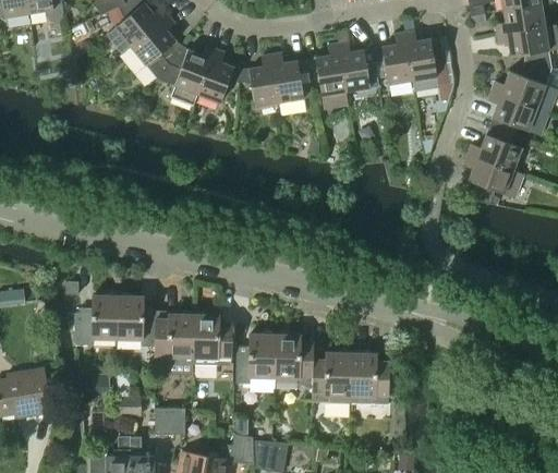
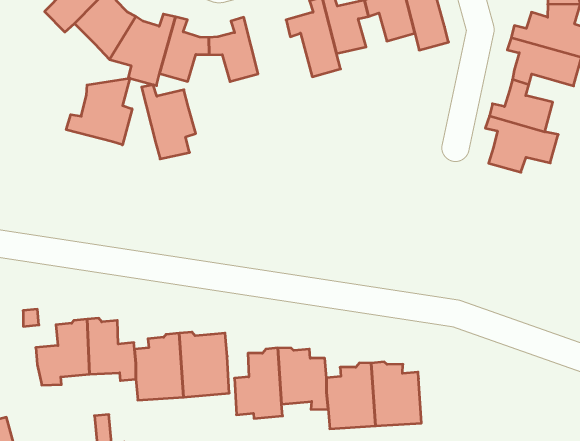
building: [271,53,313,116] -> [142,85,196,159]
building: none -> [66,78,132,145]

